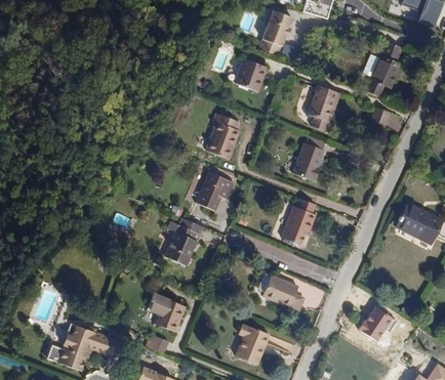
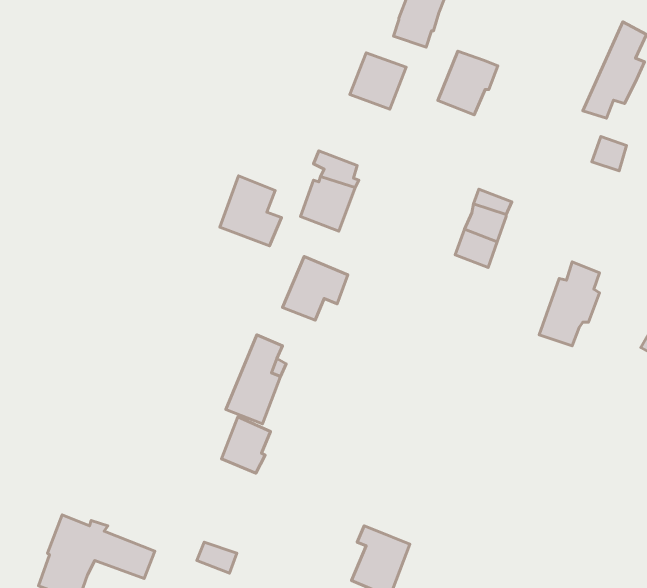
building: [306,84,339,120] -> [438,51,498,115]
building: none -> [220,176,281,246]
building: [281,198,315,245] -> [539,262,599,346]
building: [262,276,304,309] -> none
building: [155,299,183,331] -> [221,417,271,473]
building: [361,305,395,341] -> none

